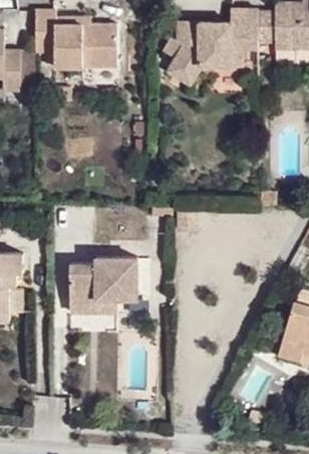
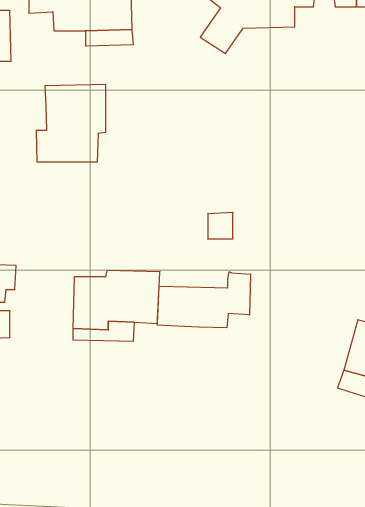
building: none -> [37,84,105,162]
building: none -> [157,272,251,328]

